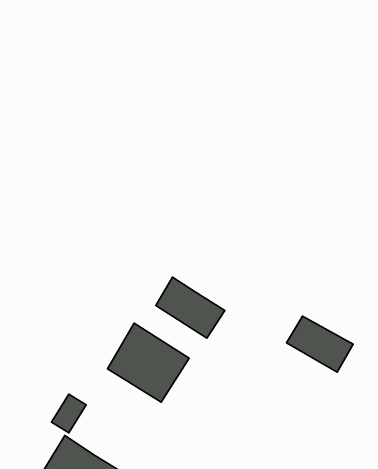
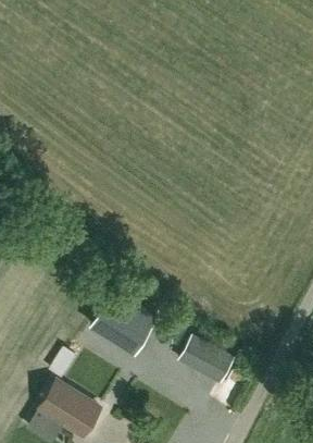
building: [156,277,225,338] -> none
building: [286,316,353,372] -> [179,339,234,384]

